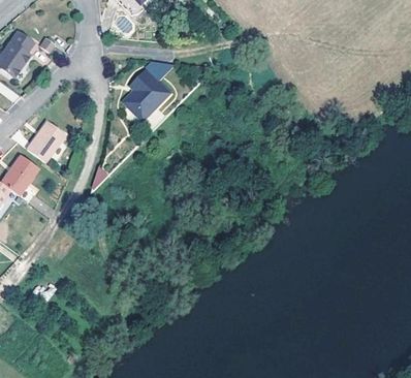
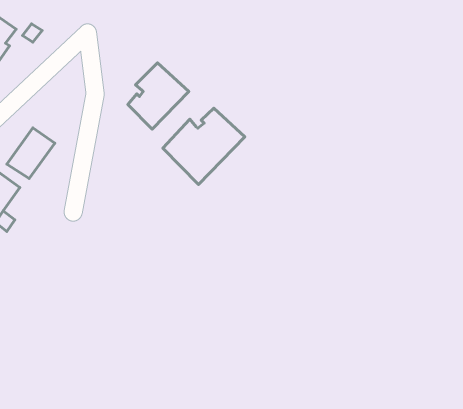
building: none -> [163,108,245,185]

